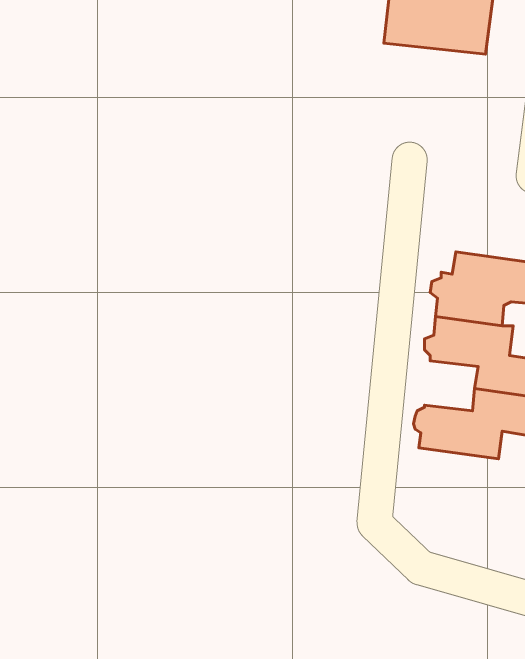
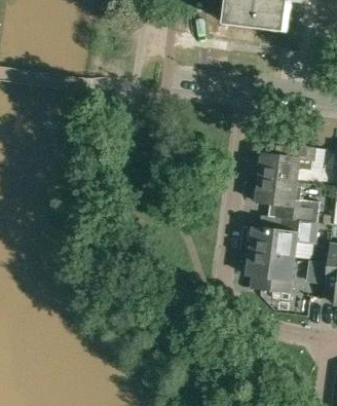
building: none -> [242,250,293,293]

